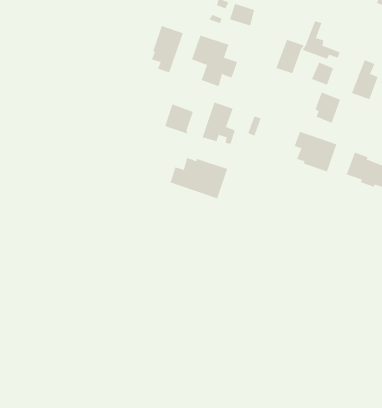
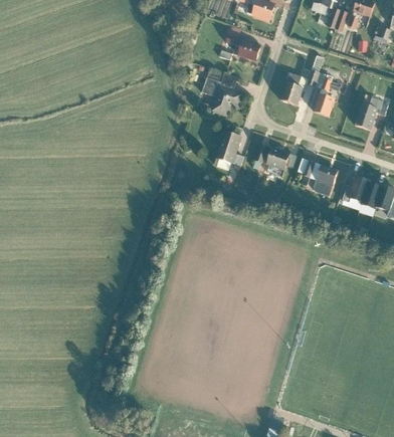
building: [151,25,183,73] -> none
building: [315,92,341,123] -> [264,147,288,176]
building: [165,104,194,135] -> none
building: [170,157,228,199] -> none

